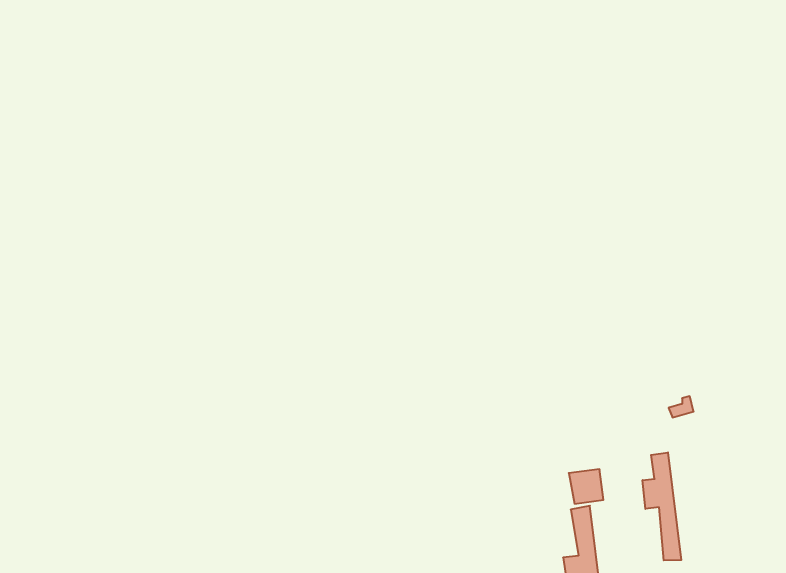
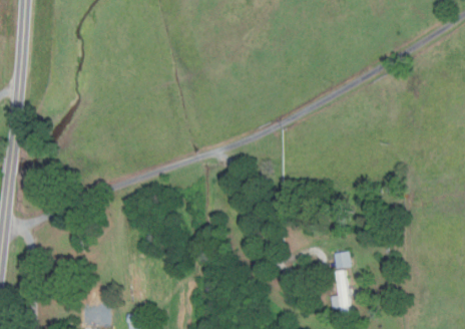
building: [643,452,681,560] -> none

